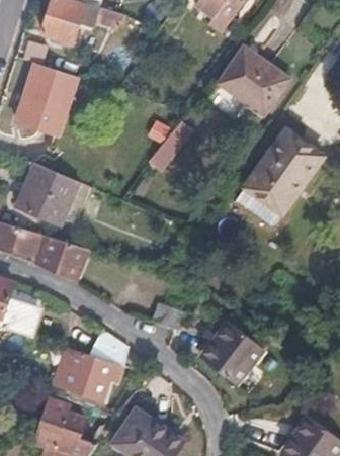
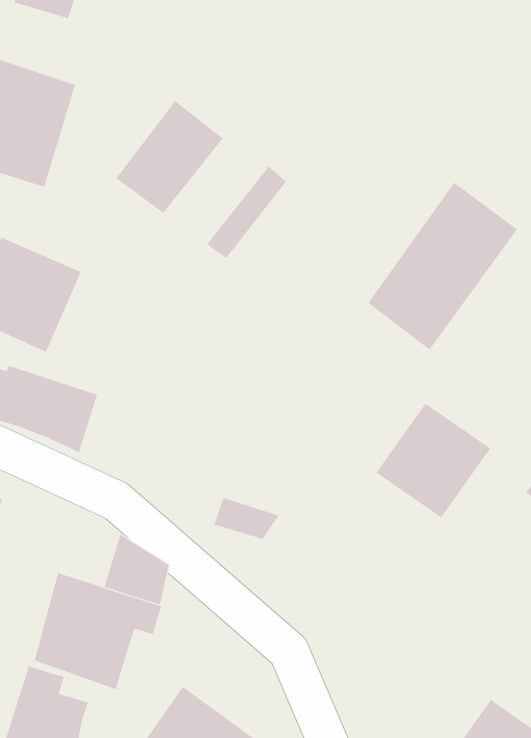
building: [217,47,287,114] -> none
building: none -> [115,100,224,214]
building: [202,324,266,387] -> [376,403,491,518]

